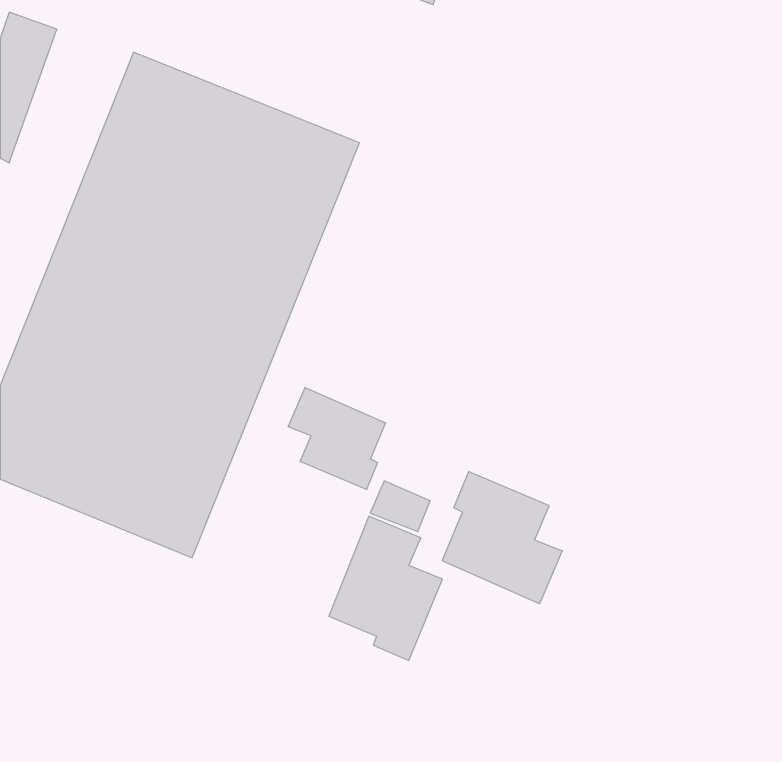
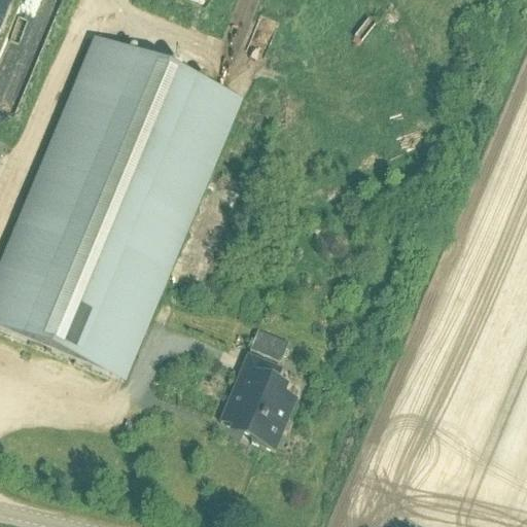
building: [288,387,386,490] -> none
building: [442,471,562,604] -> none

